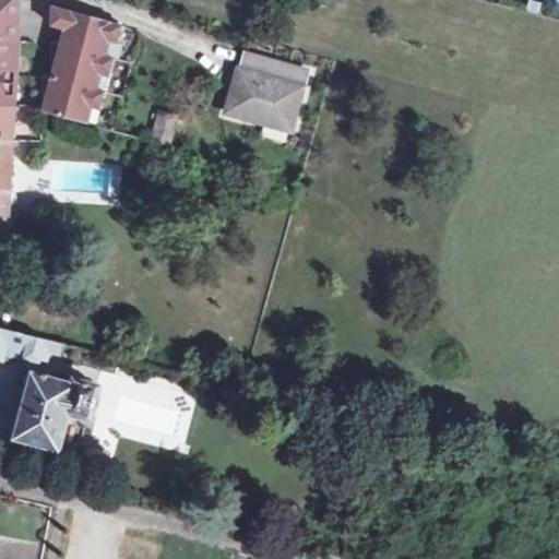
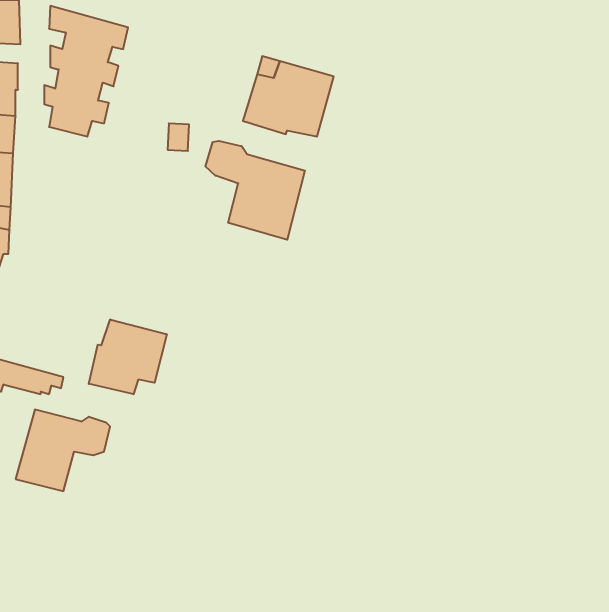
building: none -> [205,141,305,240]
building: none -> [89,319,167,394]

